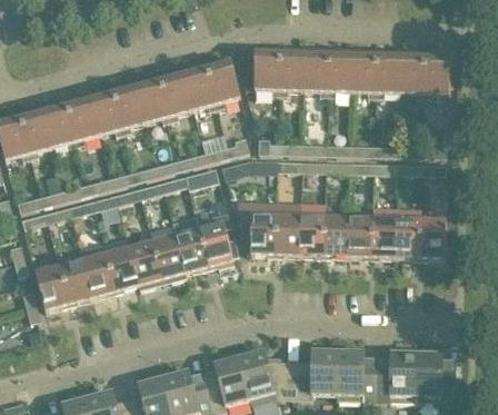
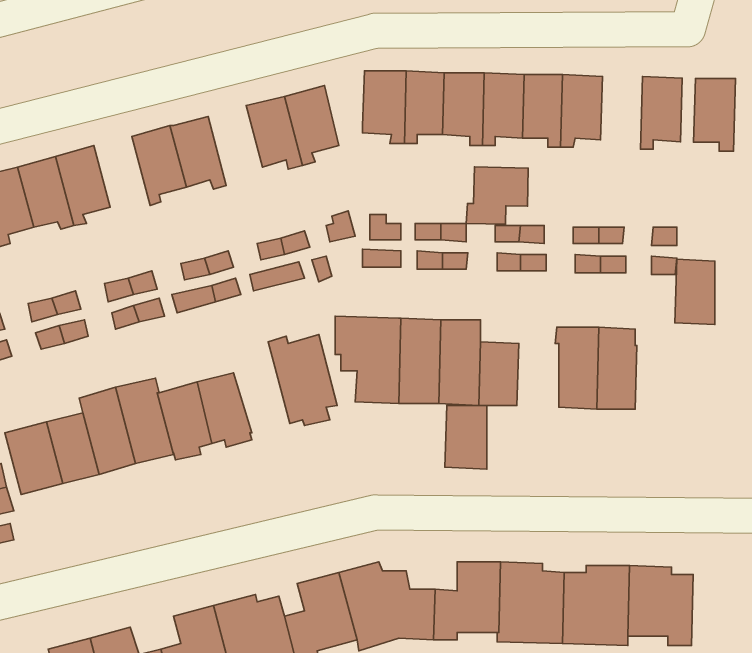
building: [399,53,425,98] -> [694,79,735,151]
building: [159,71,192,120] -> none
building: [89,90,123,135] -> none
building: none -> [466,167,528,224]
building: [171,216,209,271] -> none
building: [348,217,374,256] -> [445,405,487,469]
building: [420,218,445,258] -> [675,259,715,325]

